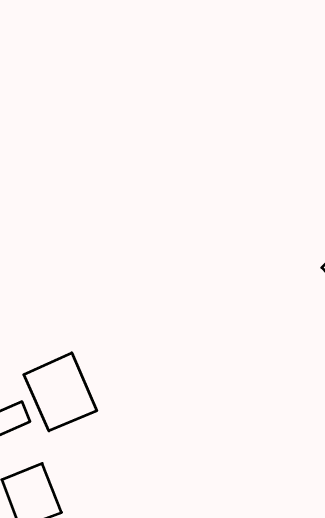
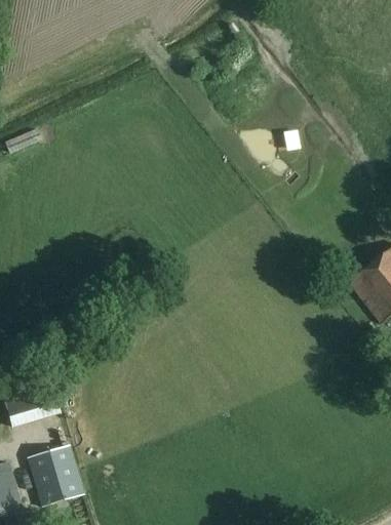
building: [24,353,97,431] -> none

